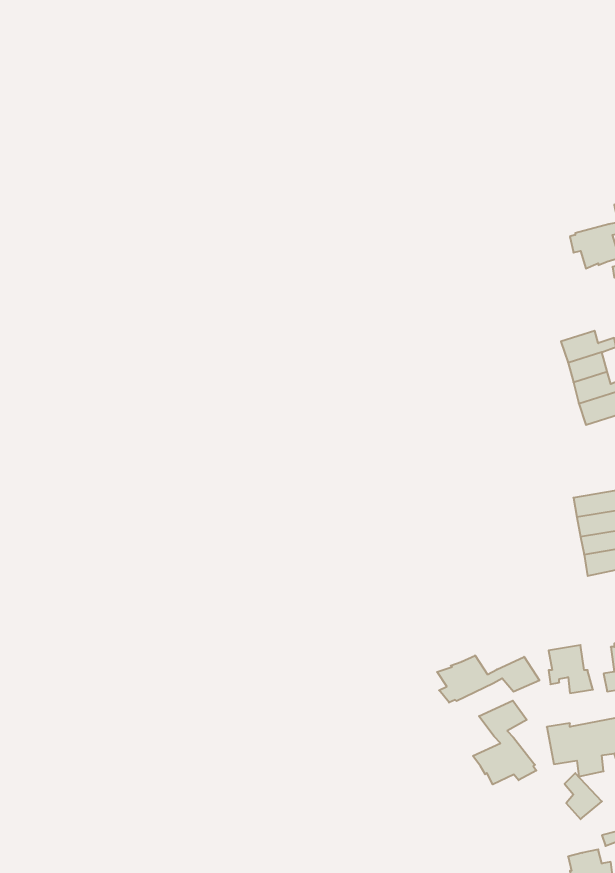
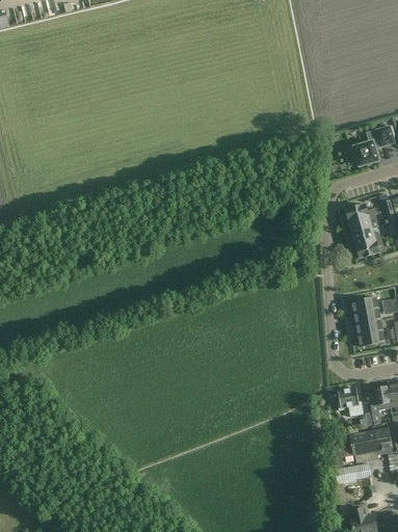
building: [437,655,539,703] -> none
building: [473,701,536,784] -> none

